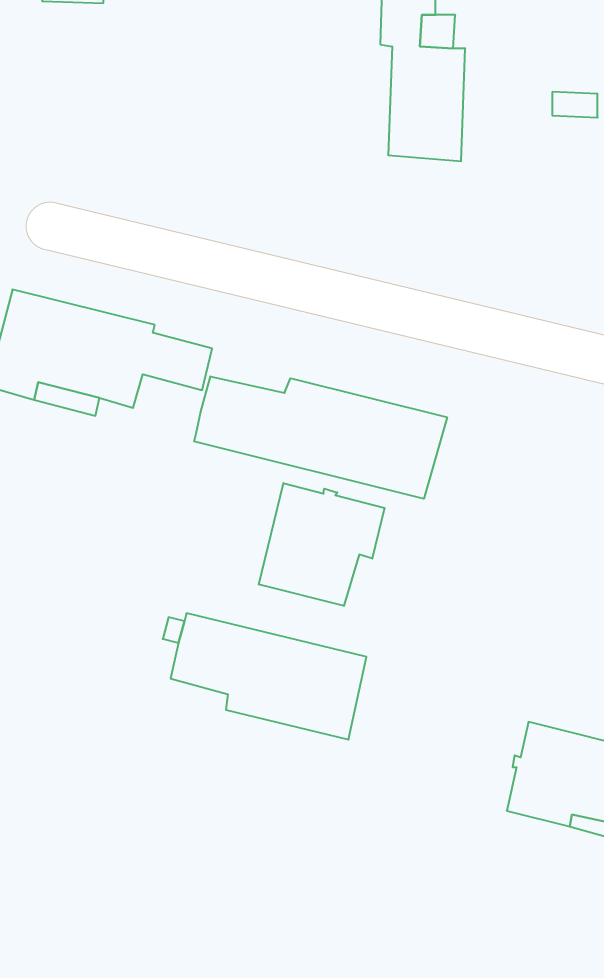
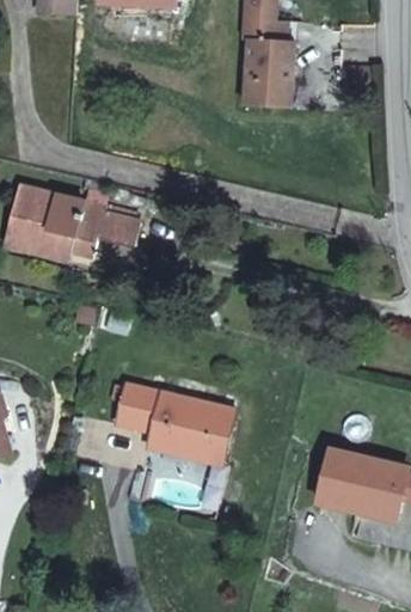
building: [194,376,447,499] -> none
building: [259,483,385,606] -> none

